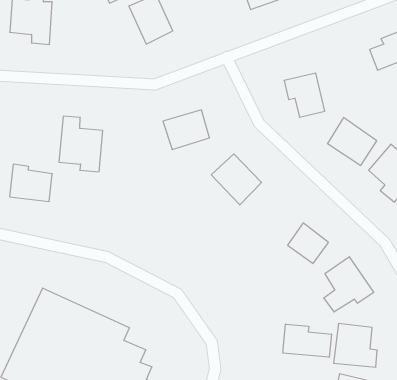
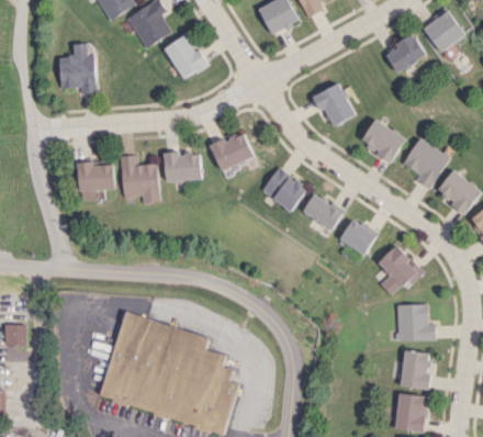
building: none -> [165,152,202,181]
building: [10,164,52,201] -> [78,161,115,191]
building: none -> [302,194,342,231]
building: [283,324,331,357] -> none

